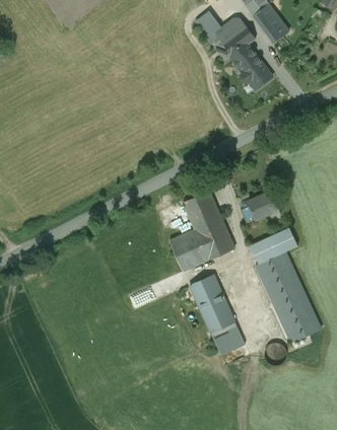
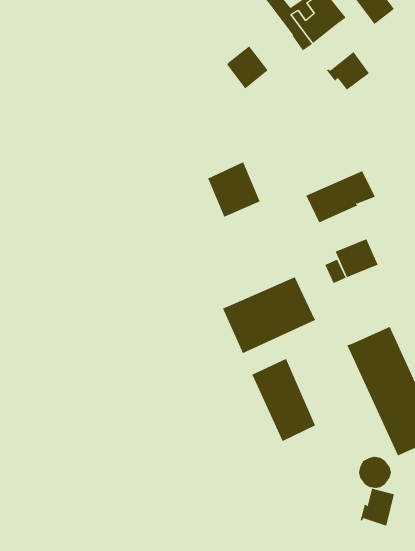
building: [230,44,260,74] -> [226,45,269,89]
building: [182,190,219,228] -> [206,162,260,218]
building: [249,227,297,264] -> [306,171,376,223]
building: [210,320,242,350] -> none
building: none -> [360,488,395,527]

